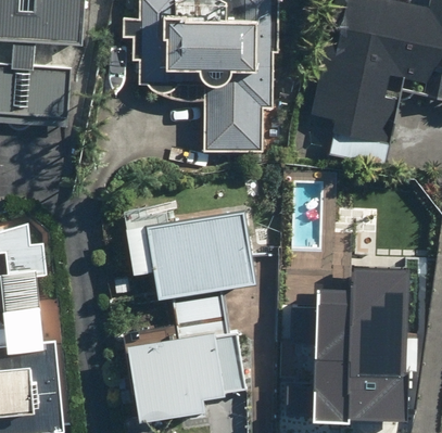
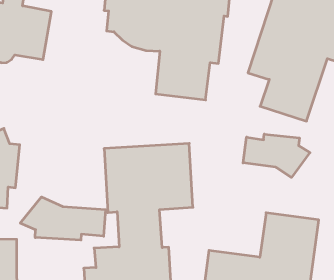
building: none -> [243,134,310,177]
building: none -> [20,197,105,240]

